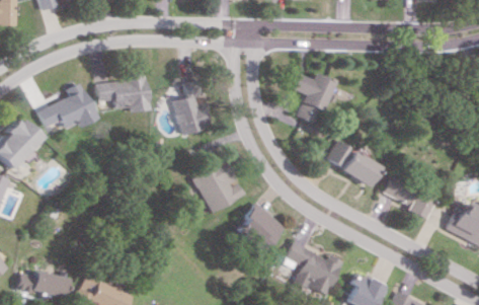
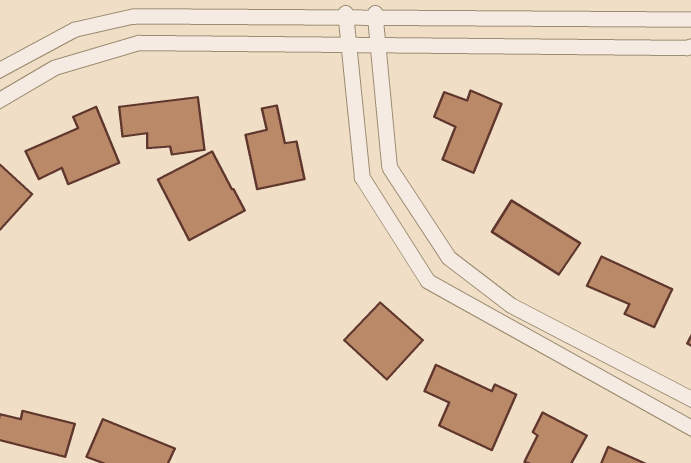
building: [190,158,244,213] -> [158,151,245,240]

